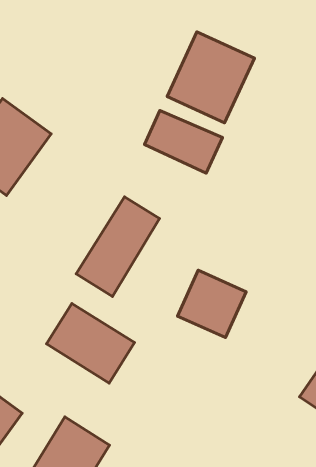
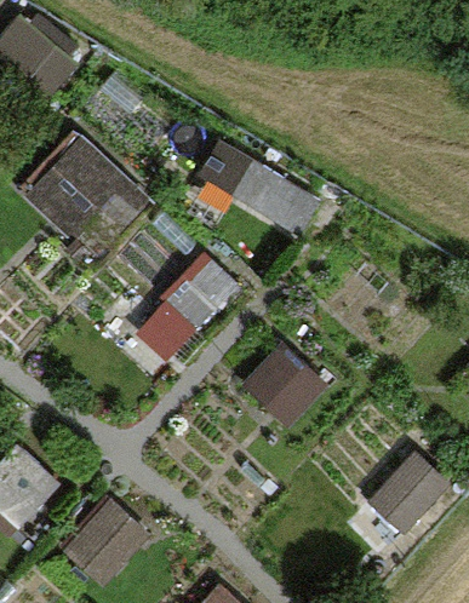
building: [167,32,254,123] -> none
building: [46,303,134,383] -> none

